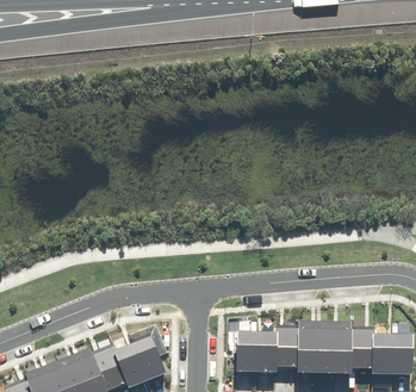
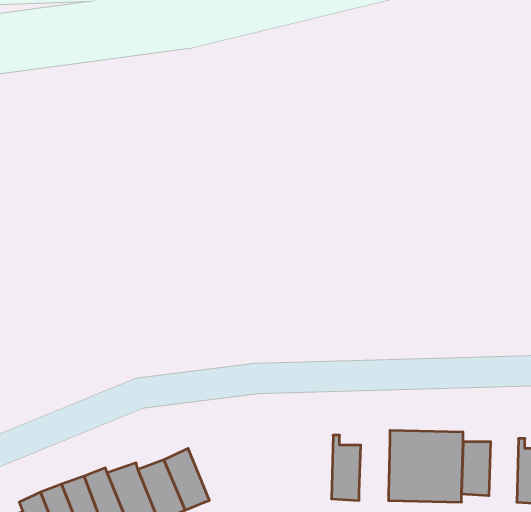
building: [236,325,256,372] -> none
building: [371,328,392,374] -> none
building: [275,329,298,368] -> none

